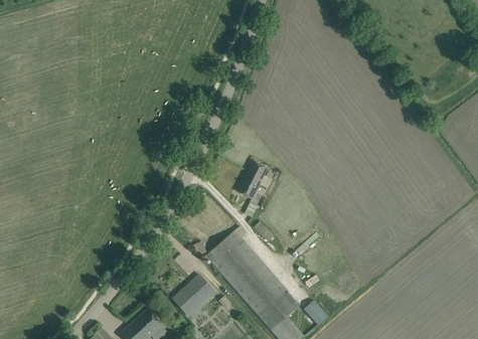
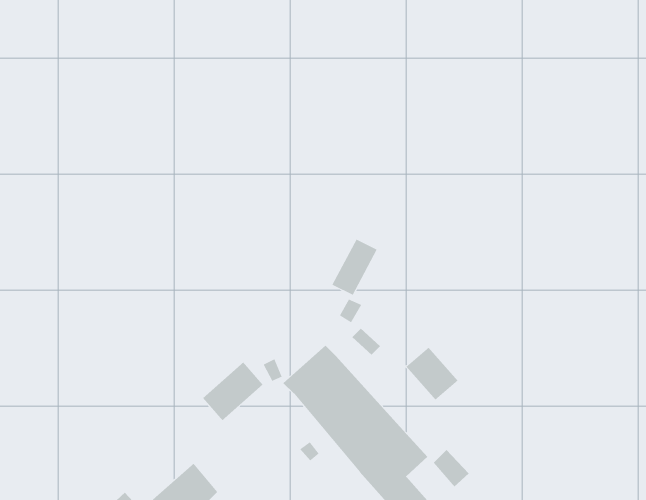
building: none -> [405,347,459,400]
building: [173,275,213,314] -> [202,362,263,421]

